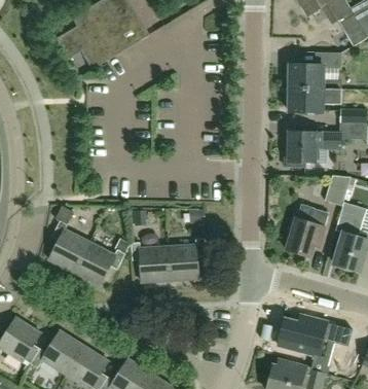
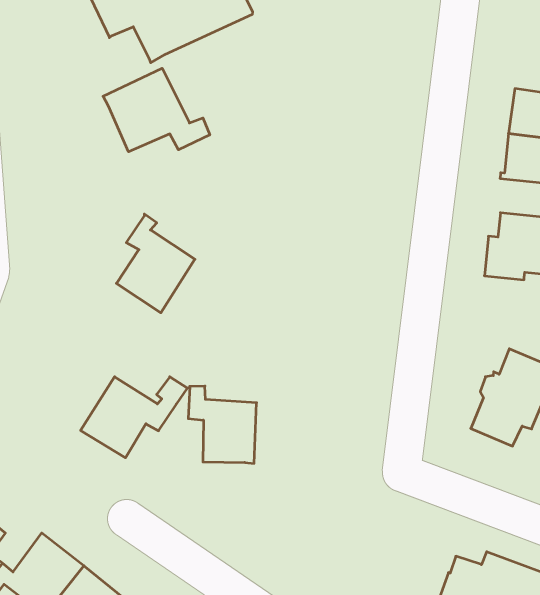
building: none -> [103,68,210,152]
building: [48,219,89,272] -> [116,214,195,313]
building: [168,237,205,280] -> none

